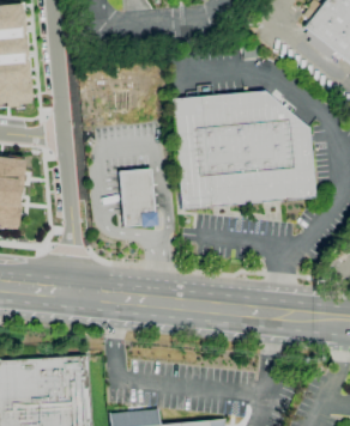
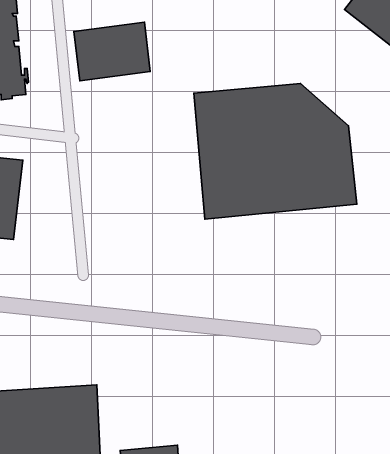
building: none -> [74,22,150,81]
building: [120,171,157,227] -> none

